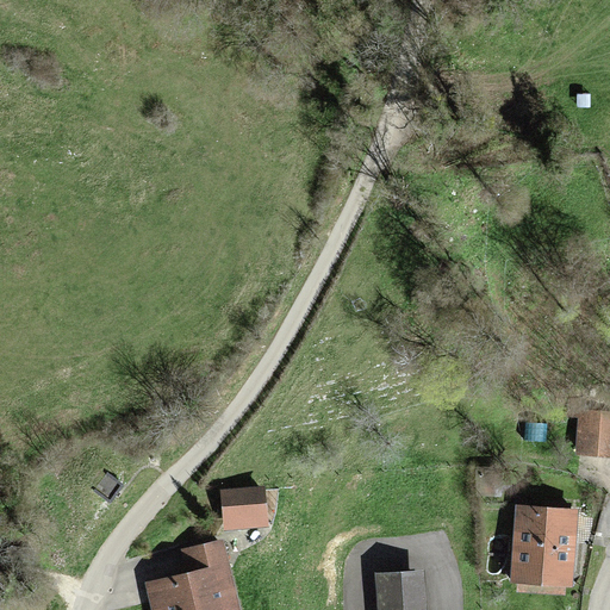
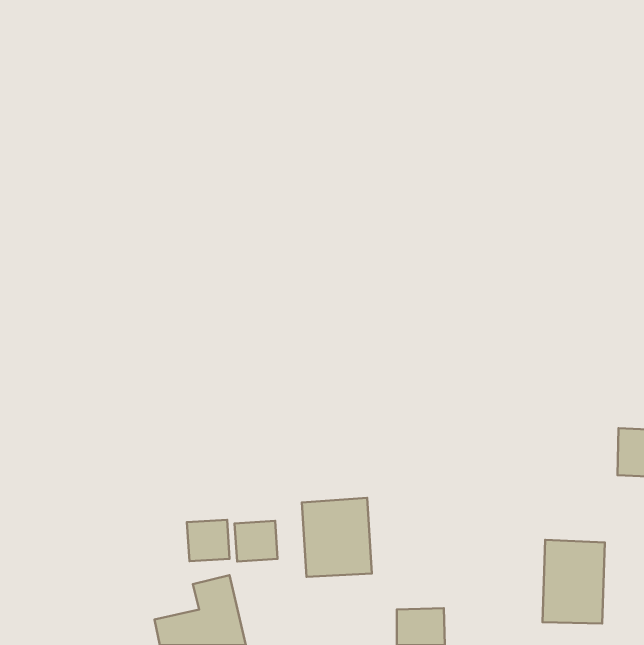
building: none -> [302,498,372,577]
building: none -> [187,520,230,561]

